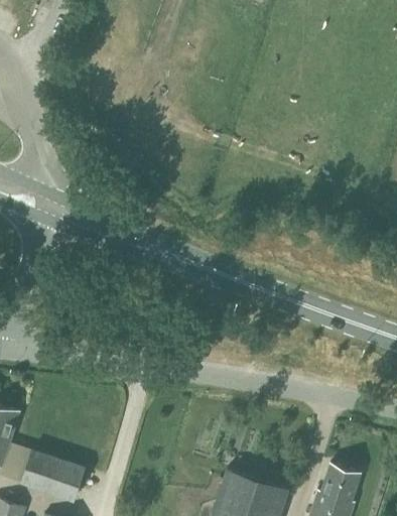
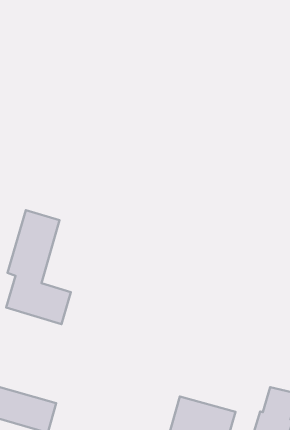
building: none -> [6,210,71,324]

